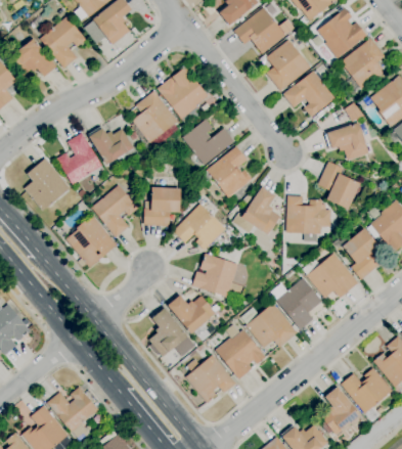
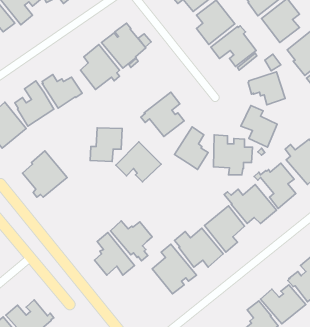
building: [182,119,234,165] -> none
building: [91,185,137,237] -> none
building: [191,253,237,298] -> none
building: [185,355,235,403] -> none

